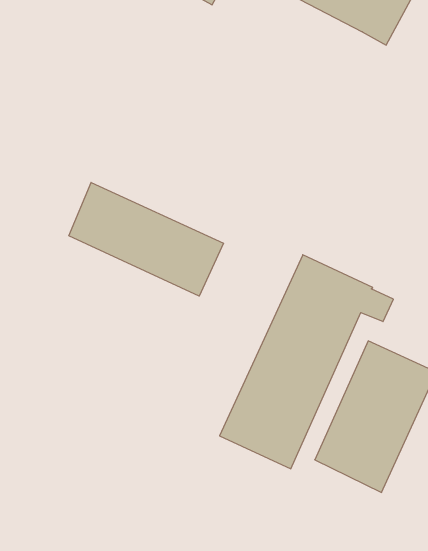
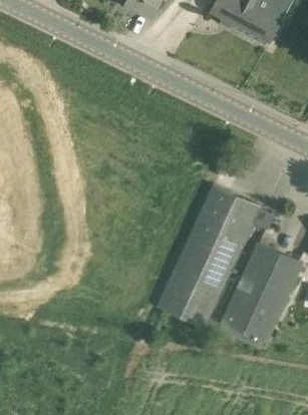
building: [69,182,224,296] -> none

